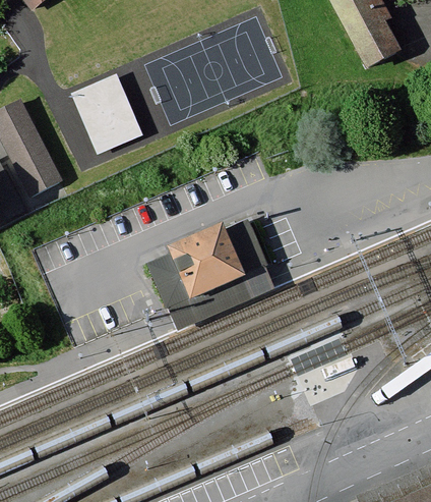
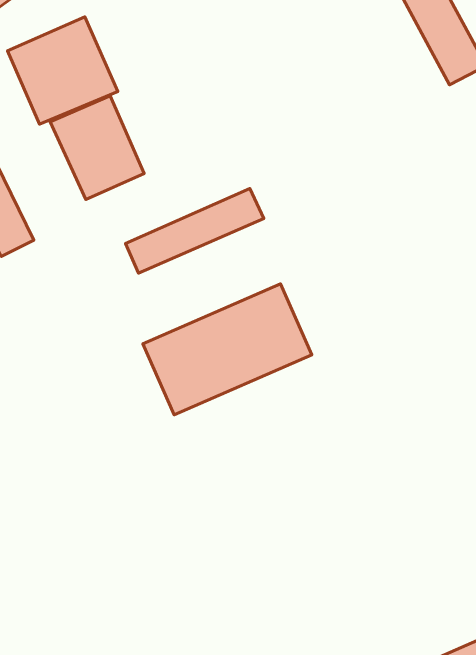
building: none -> [7,17,118,124]
building: none -> [125,188,264,273]

